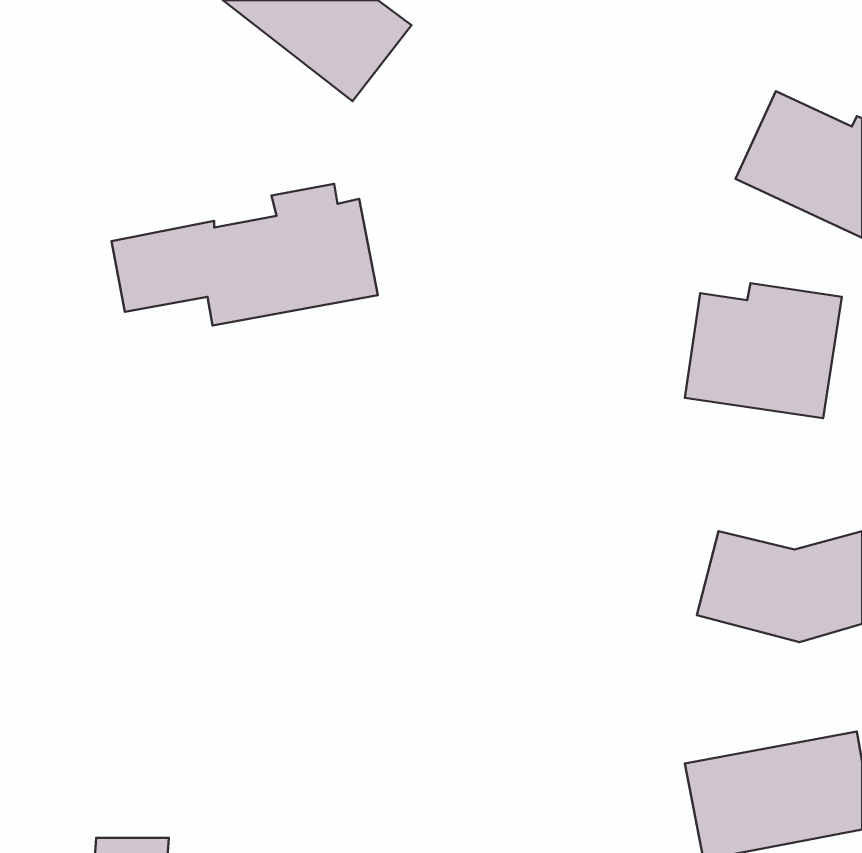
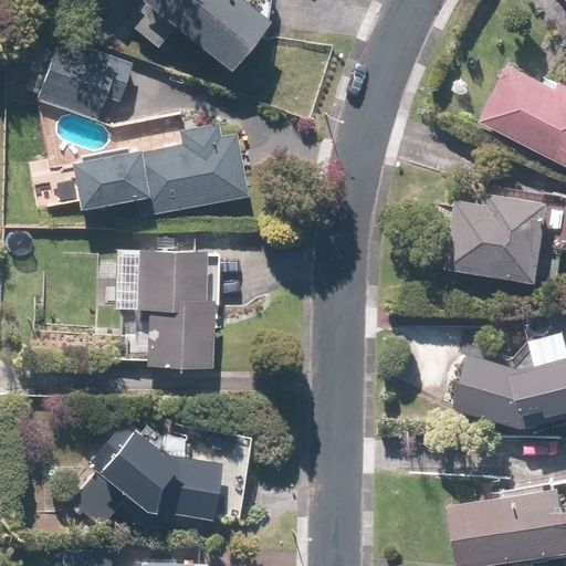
building: none -> [36,41,133,124]
building: none -> [138,250,214,370]
building: none -> [71,420,220,533]

